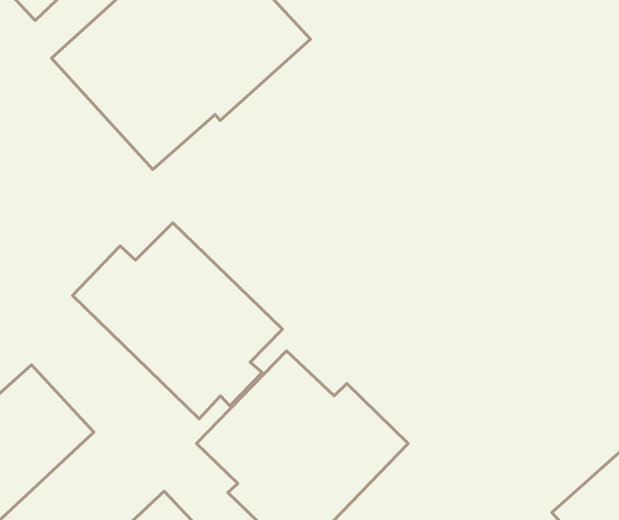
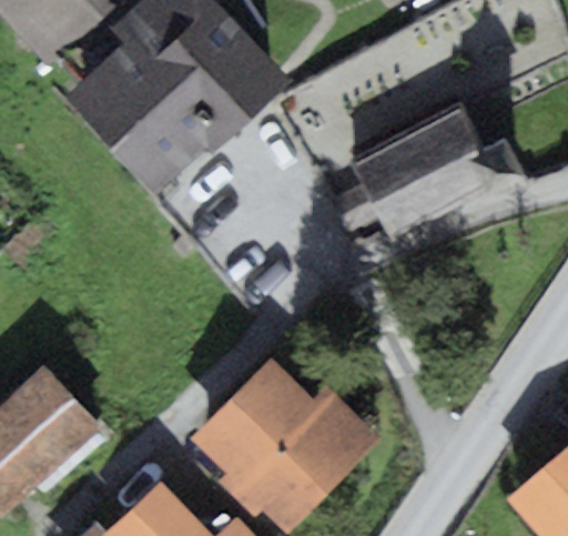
building: none -> [332,98,527,242]
building: [73,223,282,419] -> none

